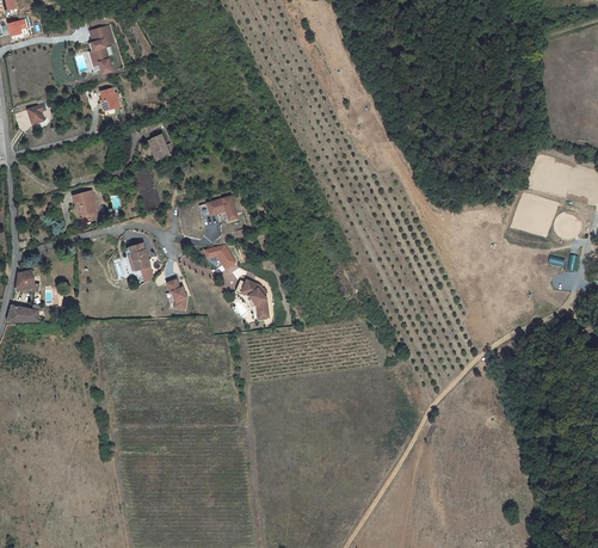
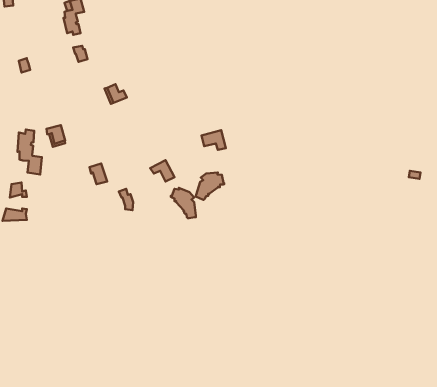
building: [208,193,240,220] -> [202,130,226,150]
building: none -> [17,129,42,175]
building: none -> [196,173,224,200]

